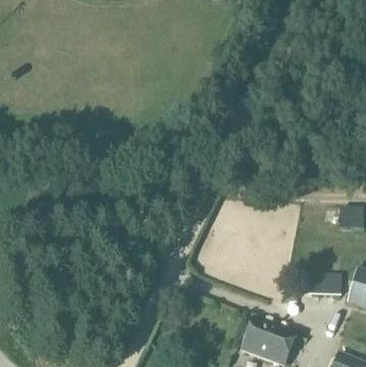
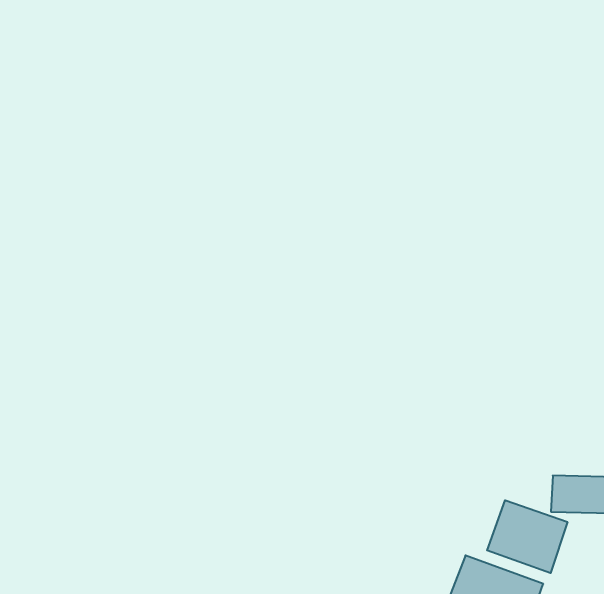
building: none -> [487,500,567,573]

